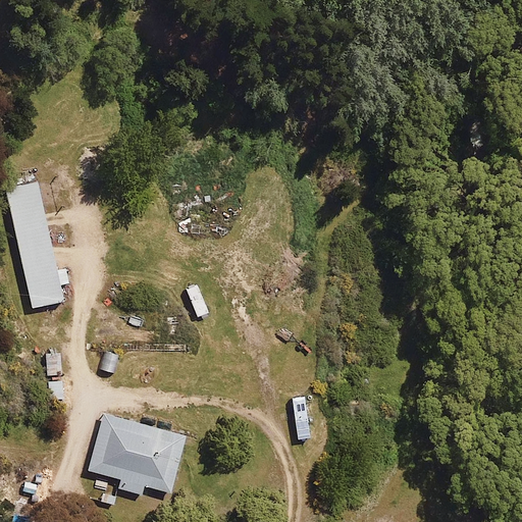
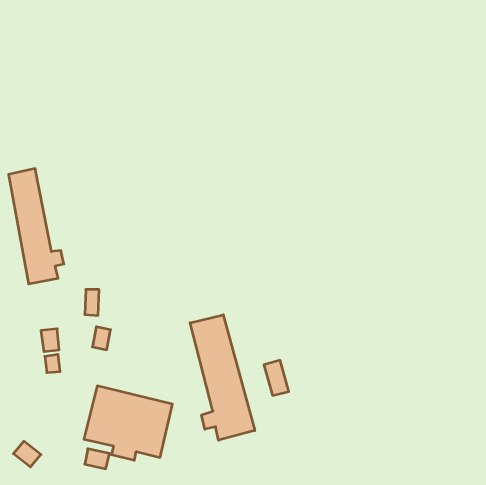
building: none -> [190,315,255,440]

